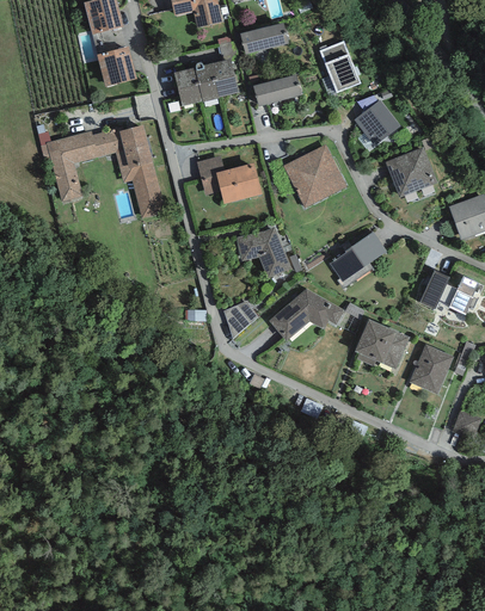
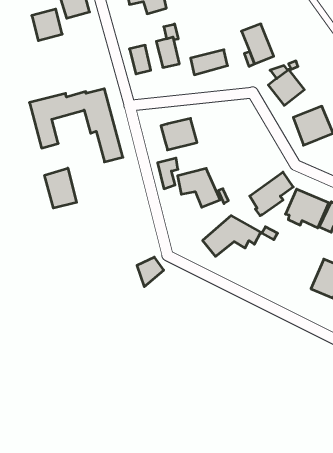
building: [240,21,288,54] -> none
building: [97,45,136,86] -> [32,9,62,41]
building: [195,62,219,101] -> none
building: [283,144,346,208] -> none
building: [197,155,223,195] -> [158,158,178,189]
building: none -> [45,168,77,208]
building: [223,300,258,338] -> [137,257,164,287]
building: [354,319,410,369] -> [285,189,329,228]

